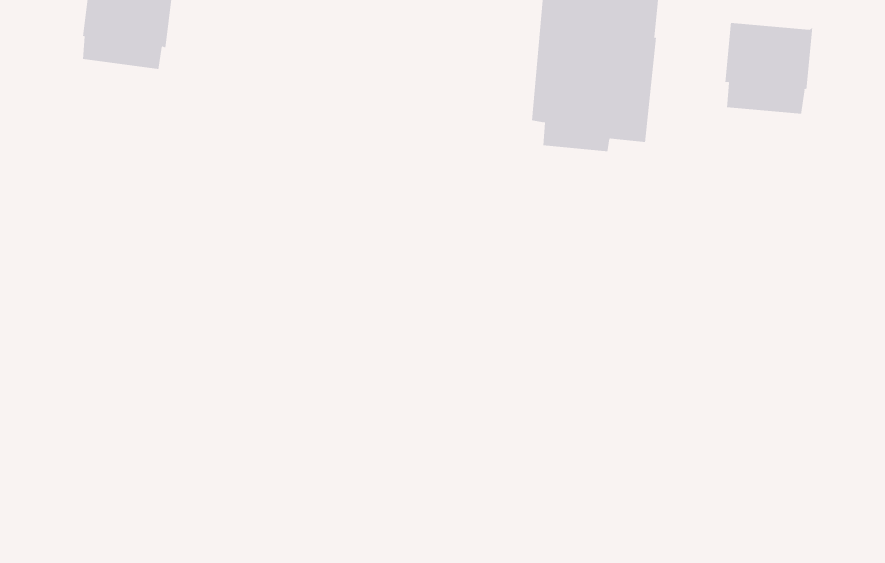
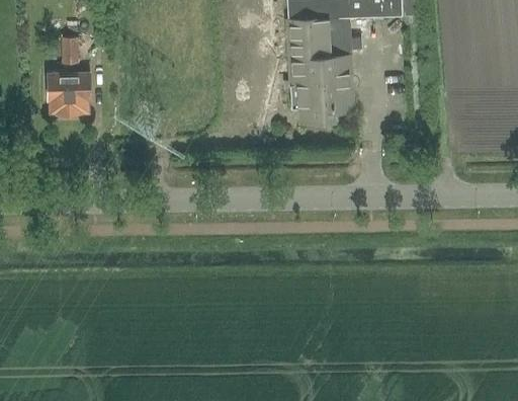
building: [725,22,813,115] -> none

